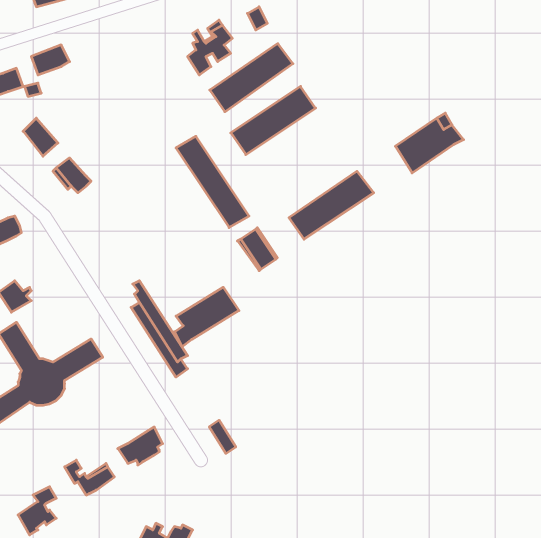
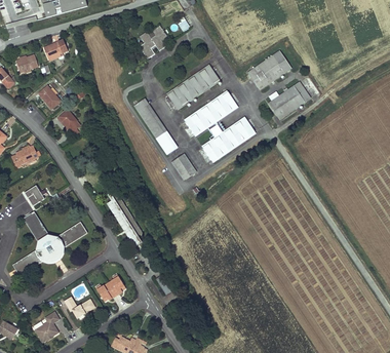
building: [210,44,293,112] -> [185,92,236,134]
building: none -> [246,50,291,90]
building: [174,287,239,347] -> none

